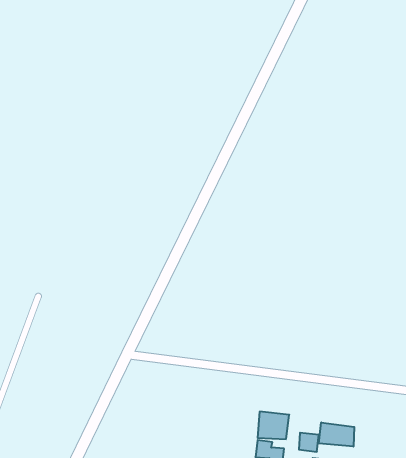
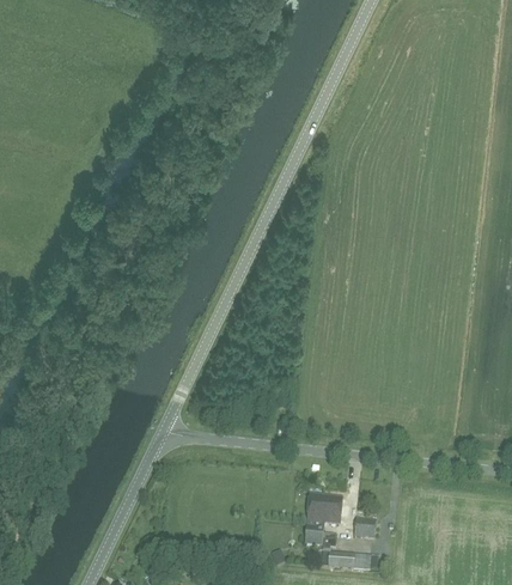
building: [319,422,354,447] -> none

